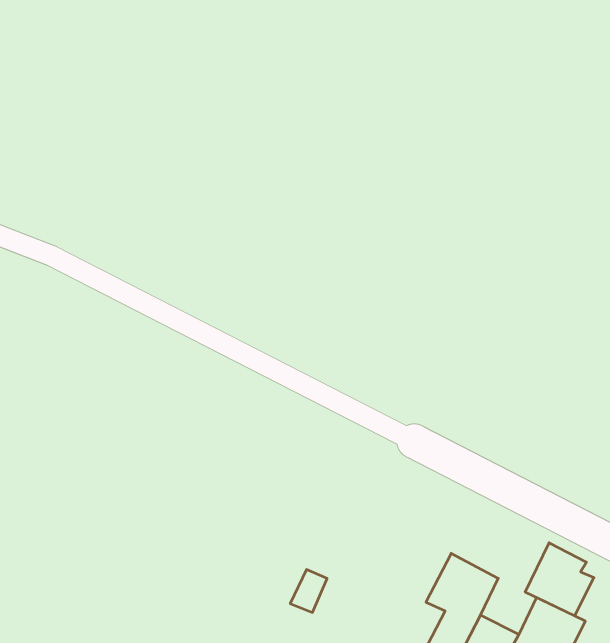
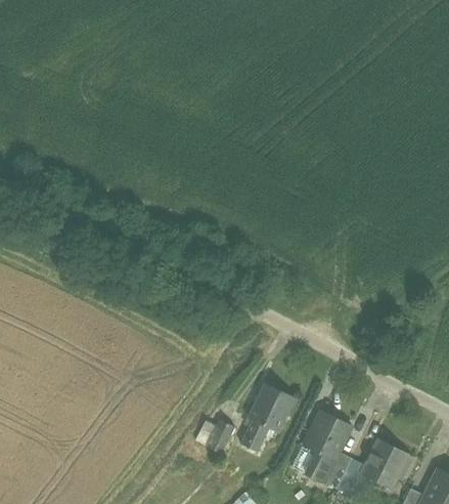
building: none -> [240,382,294,449]
building: [525,543,594,616] -> none

